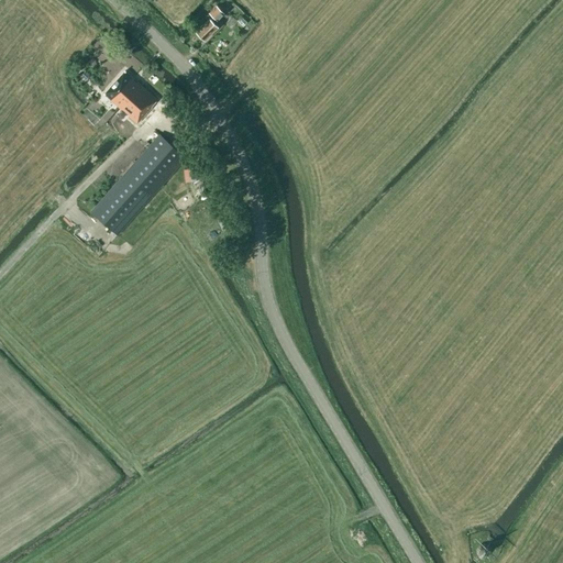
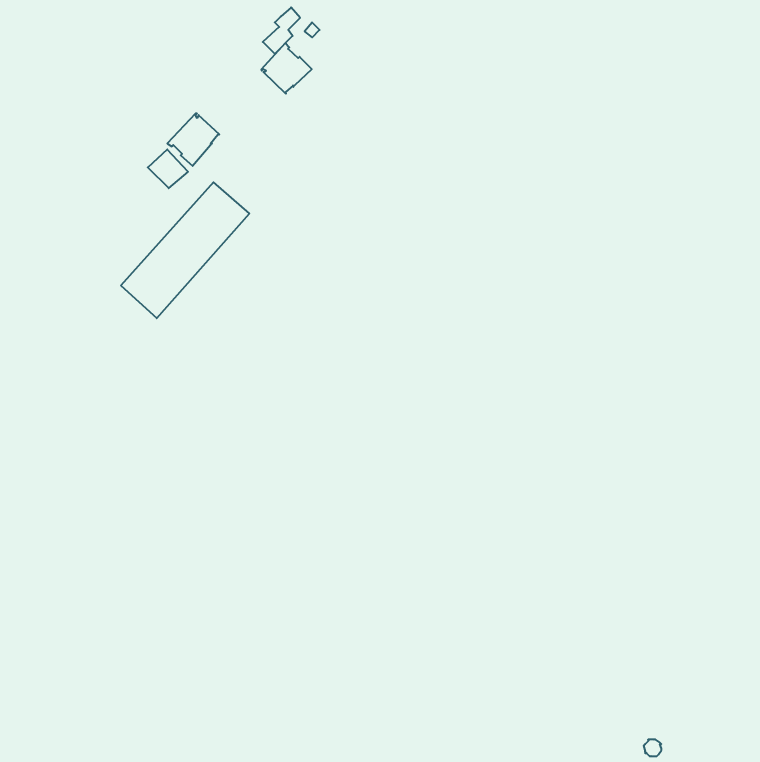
building: none -> [262,43,312,94]
building: [109,70,144,107] -> none

